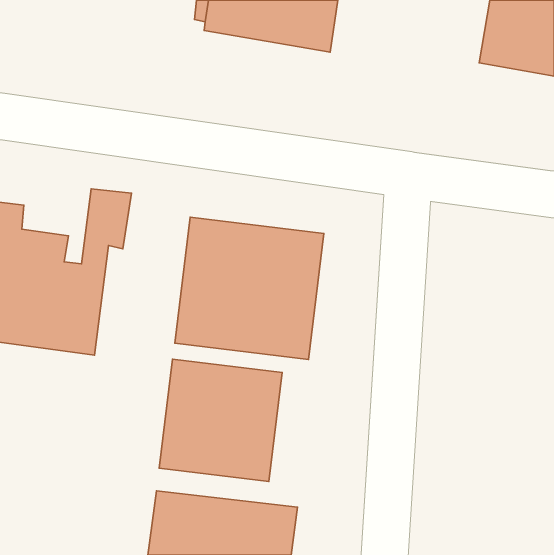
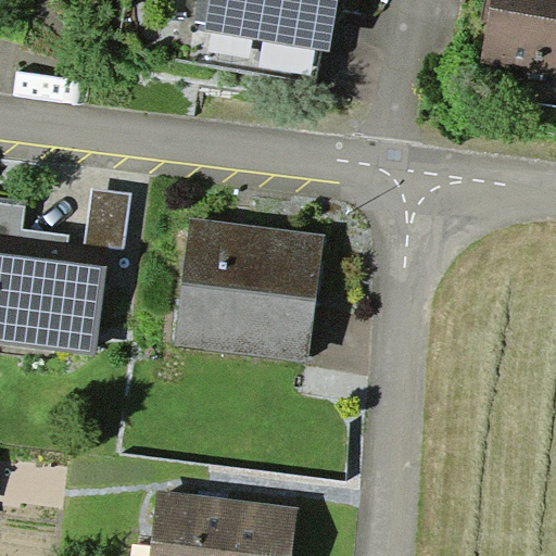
building: [159,359,282,481] -> none

